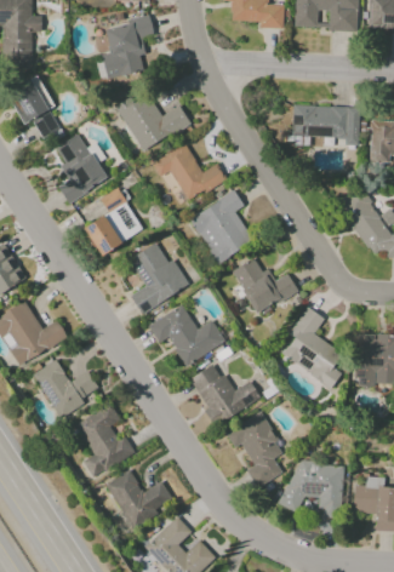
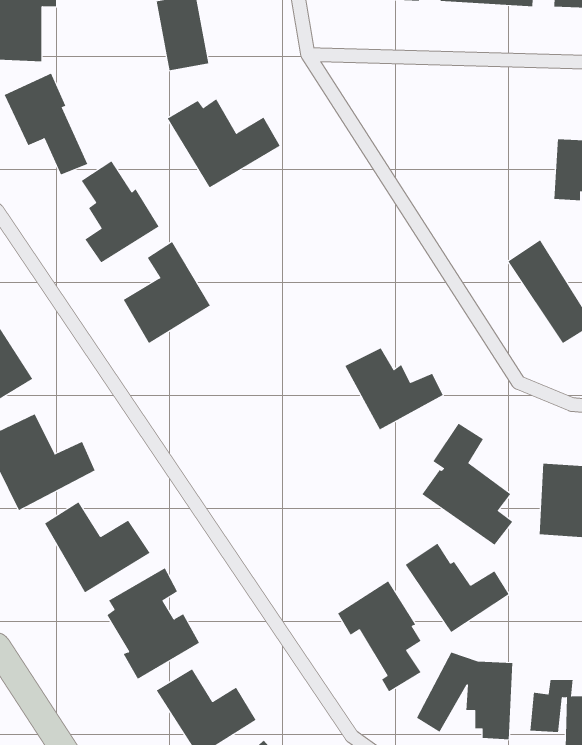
building: [295,108,359,148] -> none
building: [154,144,227,207] -> none
building: [190,190,256,264] -> none
building: [130,244,188,311] -> none
building: [149,305,224,367] -> none
building: [192,364,261,423] -> [405,543,509,633]

